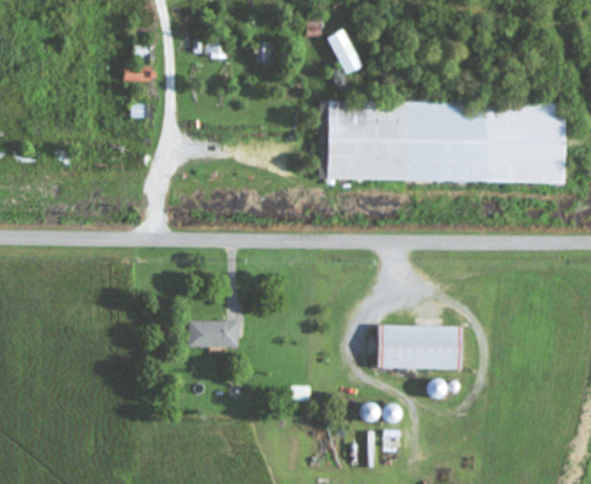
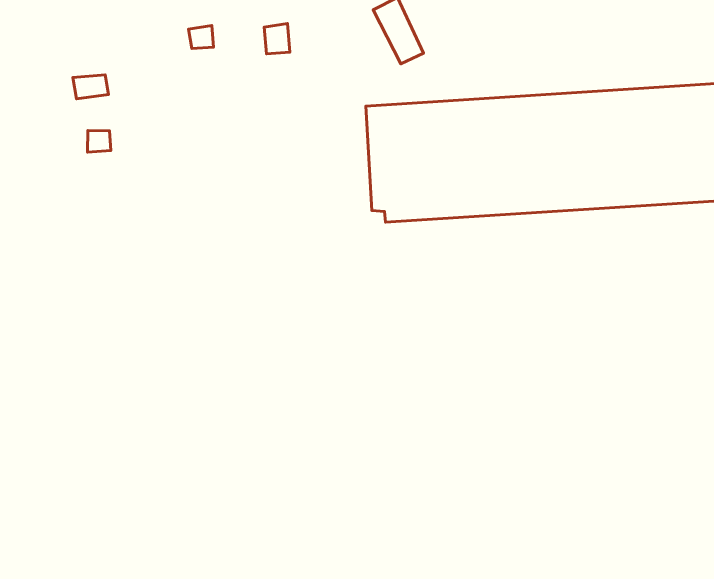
building: [188,321,238,349] -> none
building: [379,326,460,371] -> none

